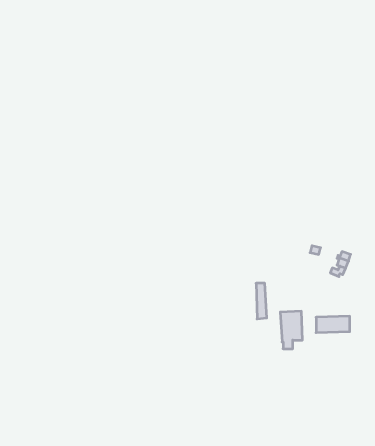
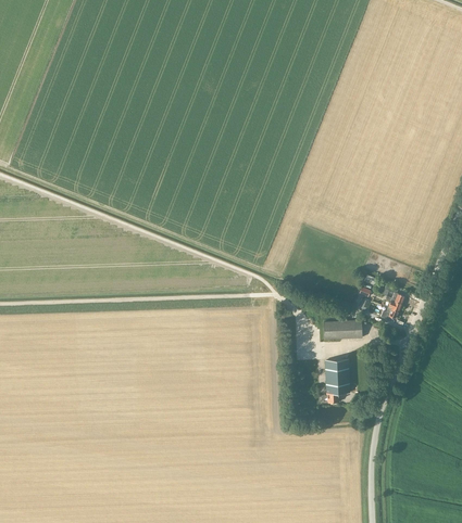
building: [316,316,350,333] -> [323,320,361,339]

